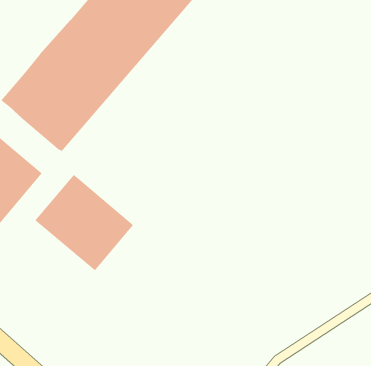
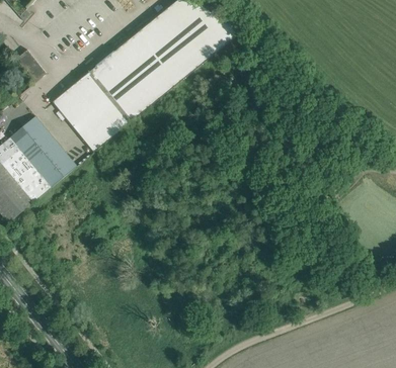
building: [35,174,134,271] -> none

